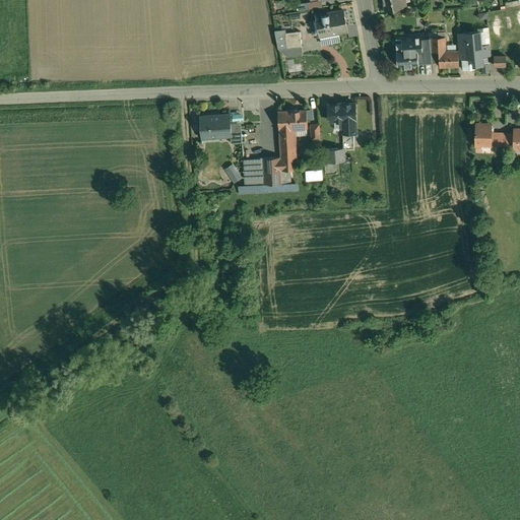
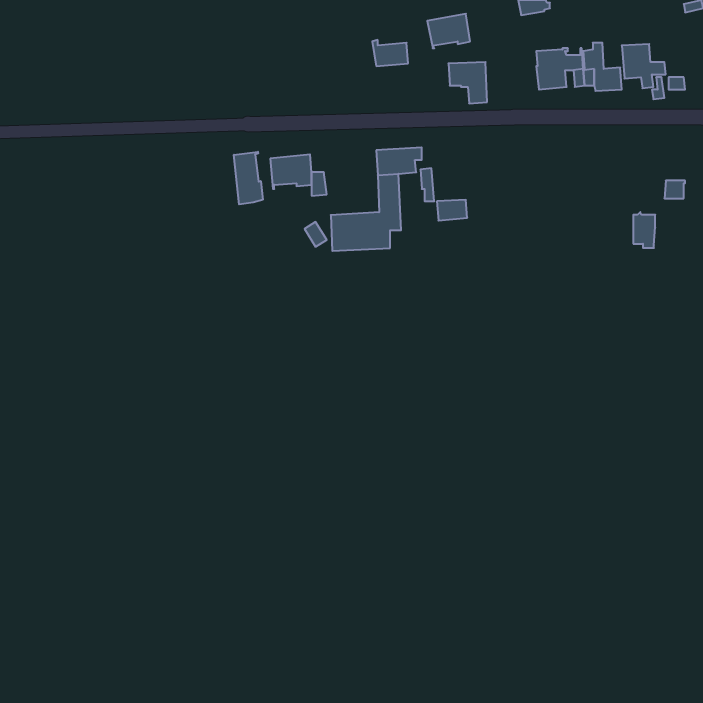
building: [327,104,355,134] -> [448,62,487,103]
building: none -> [234,152,263,204]
building: [474,123,491,149] -> [633,212,655,248]

